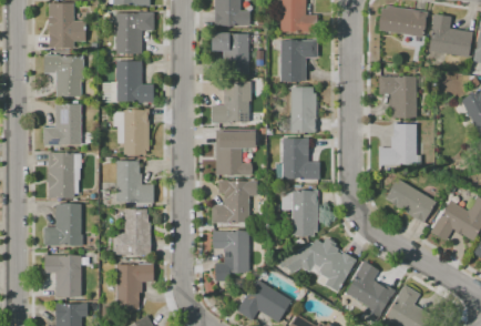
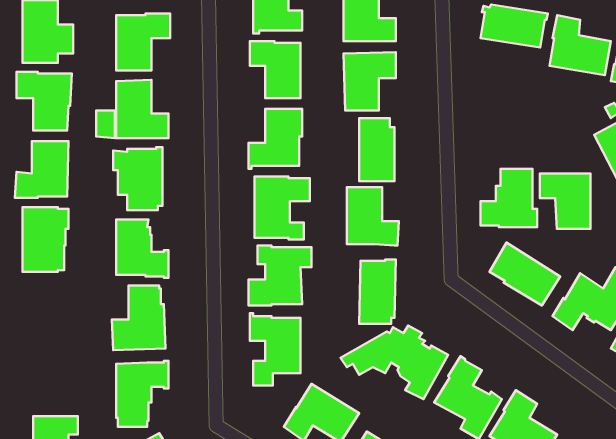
building: [379,77,416,116] -> [540,174,591,229]
building: [44,204,83,246] -> none
building: [45,253,82,296] -> none

